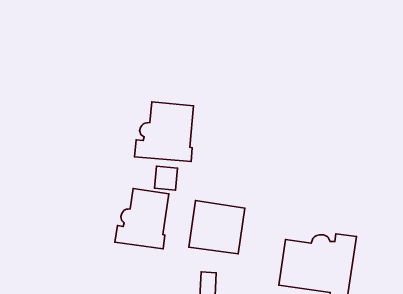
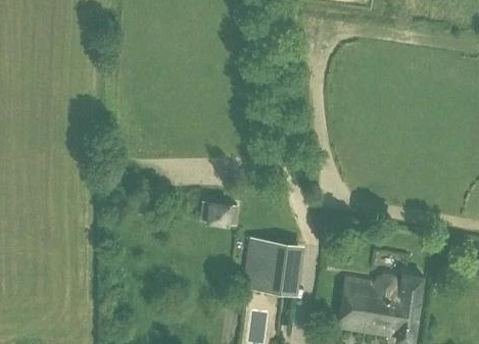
building: [134,102,194,162] -> none
building: [115,189,169,249] -> none

